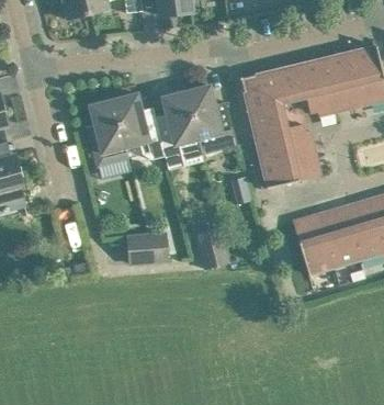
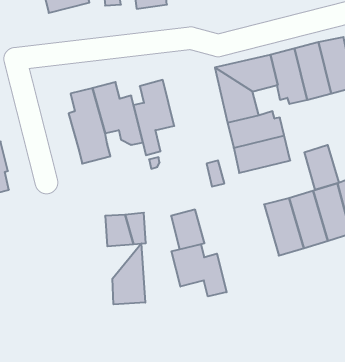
building: [185,85,236,154] -> none
building: none -> [304,145,339,190]
building: none -> [113,243,145,304]
building: none -> [171,244,227,296]

